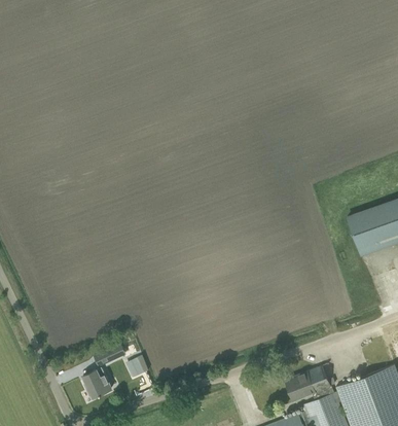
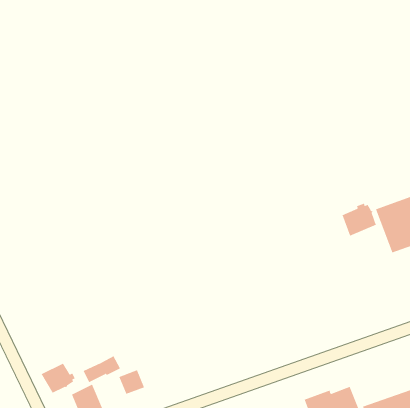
building: none -> [342,203,377,236]
building: none -> [41,363,75,394]

